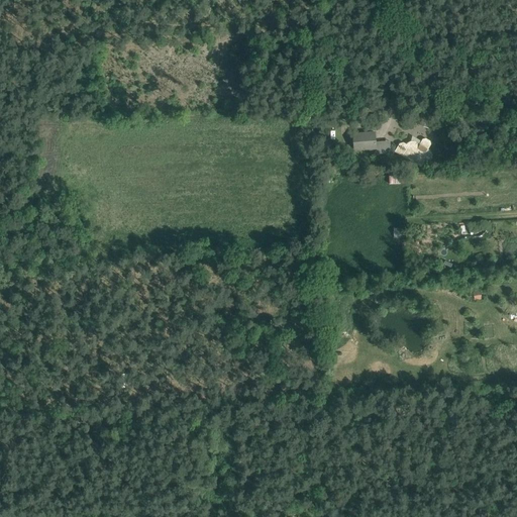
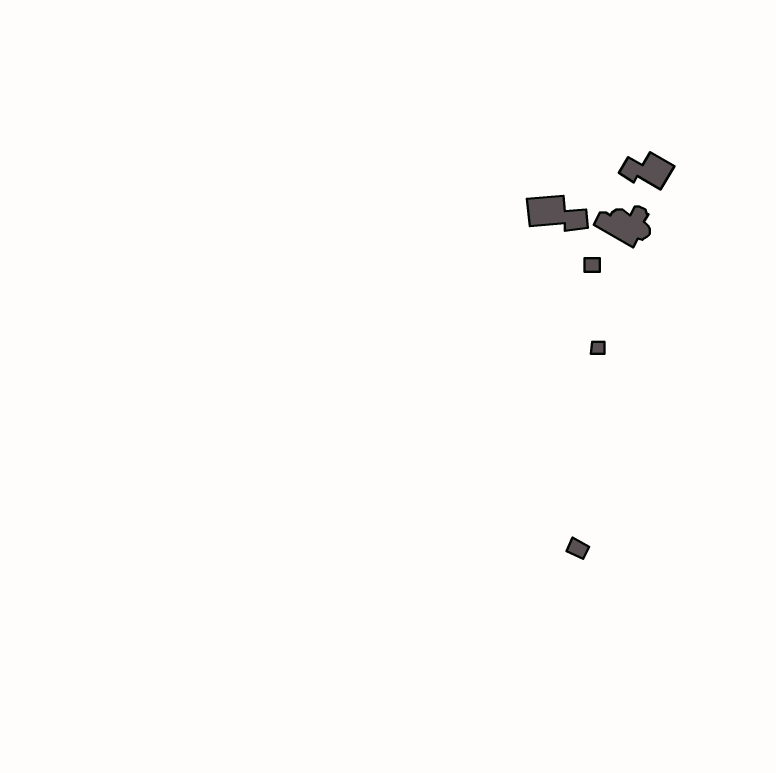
building: none -> [619,152,675,190]

